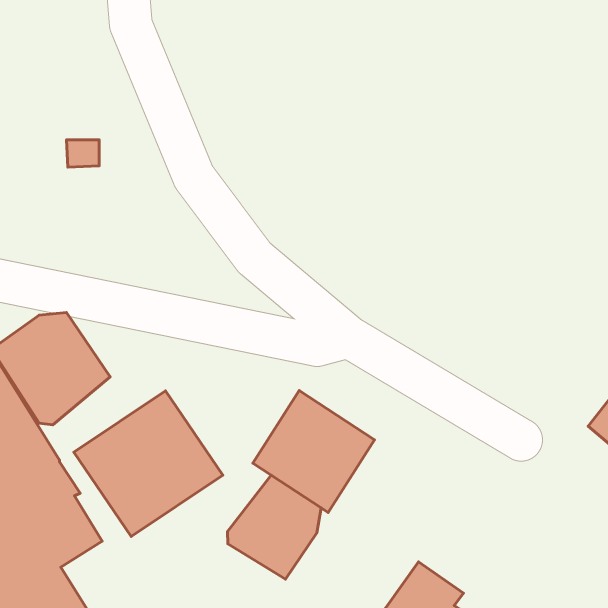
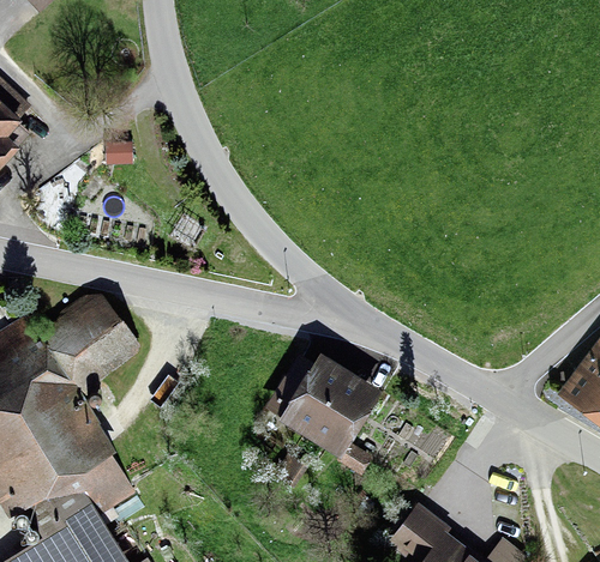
building: [74,391,223,536] -> none
building: [228,475,321,579] -> none

